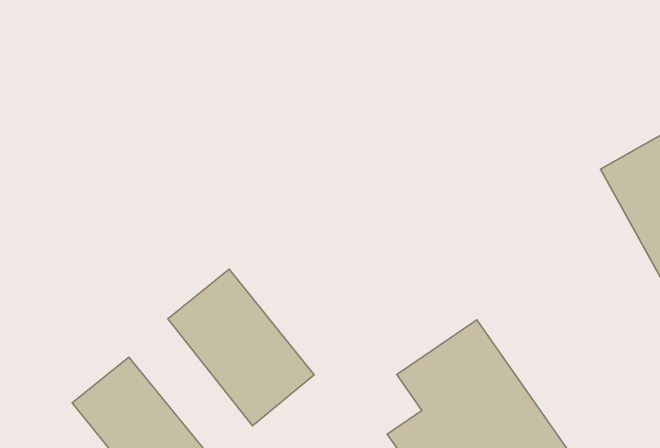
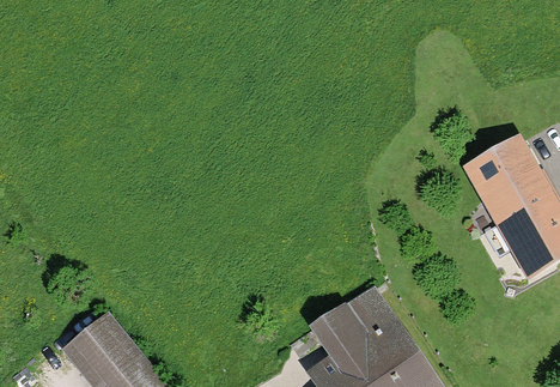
building: [168,269,314,426] -> none

